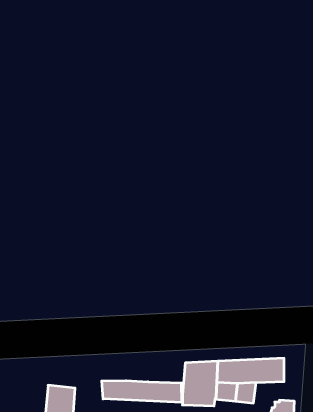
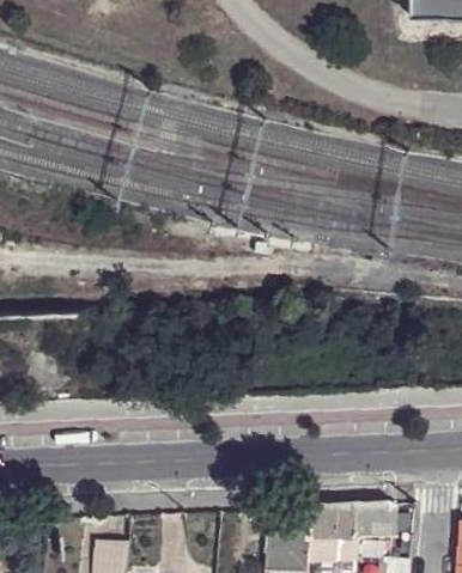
building: [102,381,181,402] -> none

